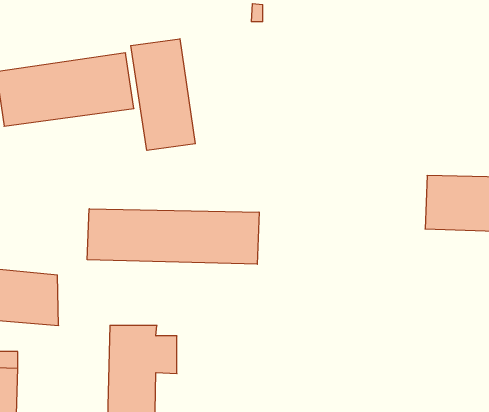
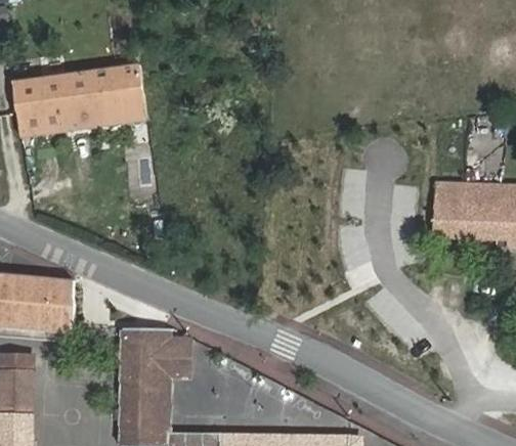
building: [131,39,195,150] -> none
building: [87,209,259,264] -> none

